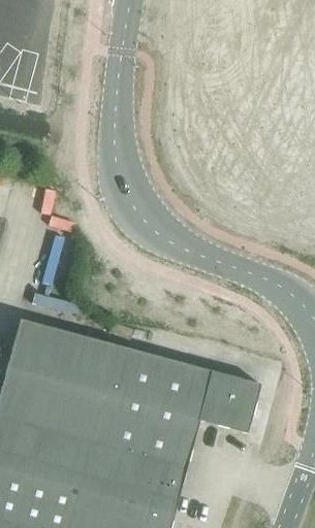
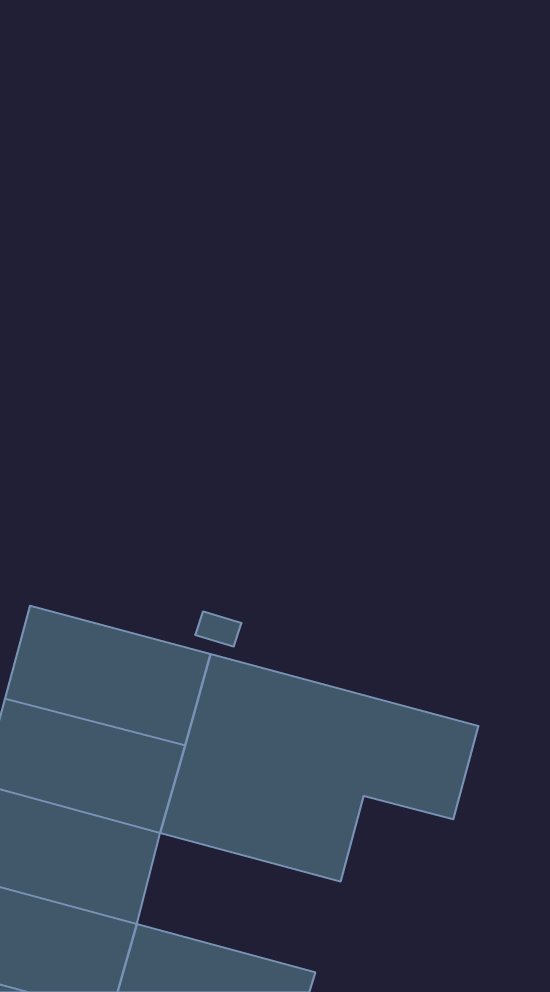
building: [77,442,186,517] -> none

